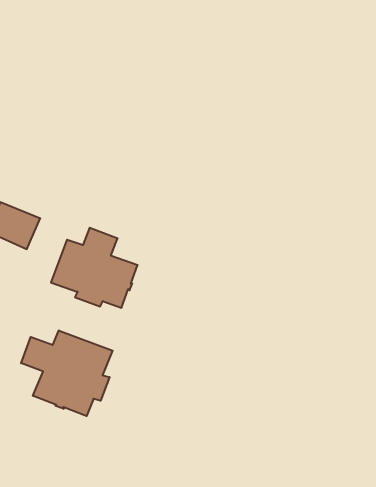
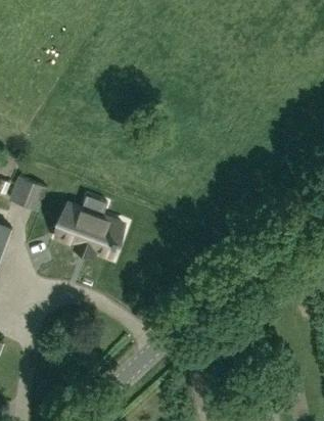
building: [21,330,113,416] -> none

